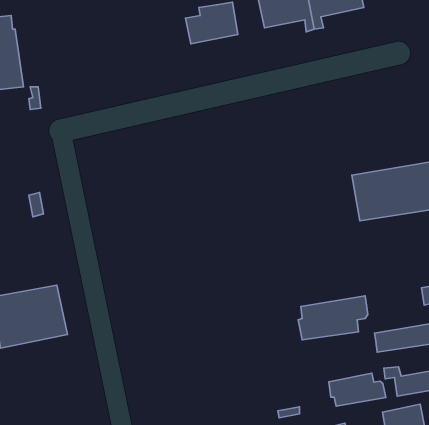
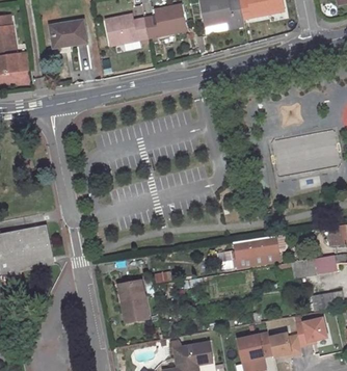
building: none -> [106,15,149,45]
building: none -> [50,20,86,47]
building: none -> [121,280,148,322]
building: [329,373,386,406] -> none

